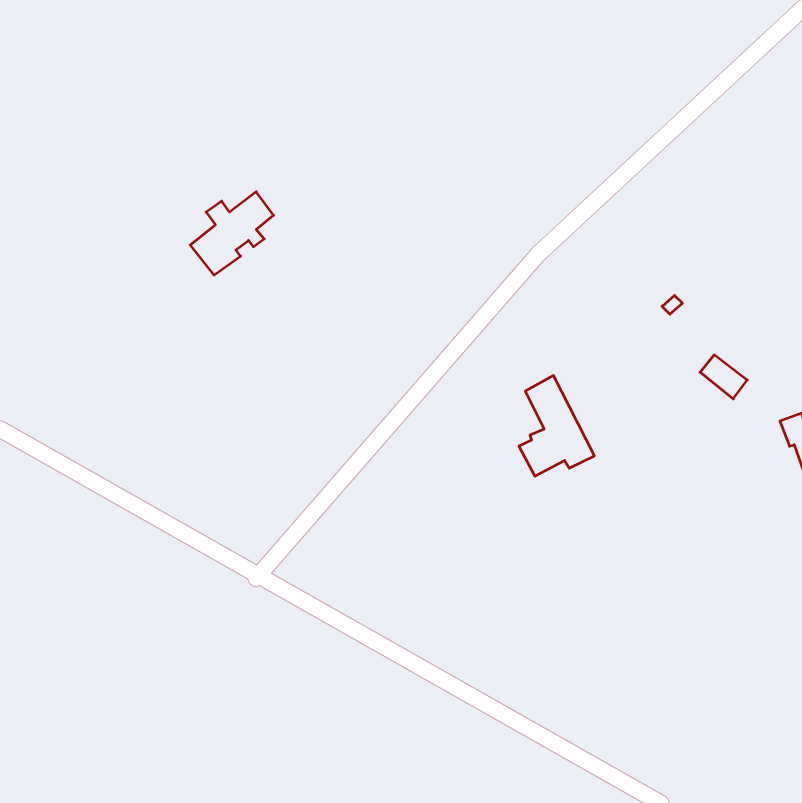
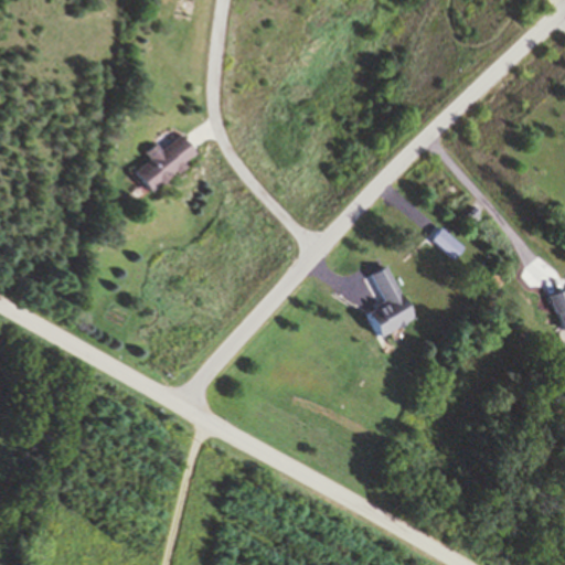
building: [700,355,747,399] -> [430,227,463,258]

